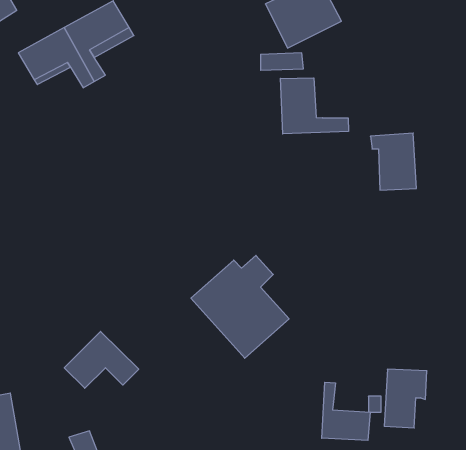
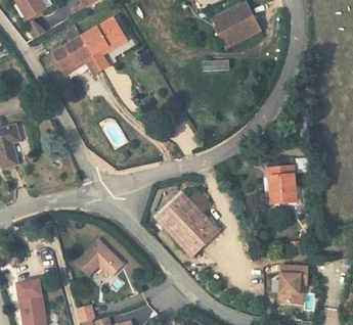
building: [280,78,348,134] -> none
building: [370,133,416,190] -> [269,163,299,199]
building: [322,382,370,440] -> none

